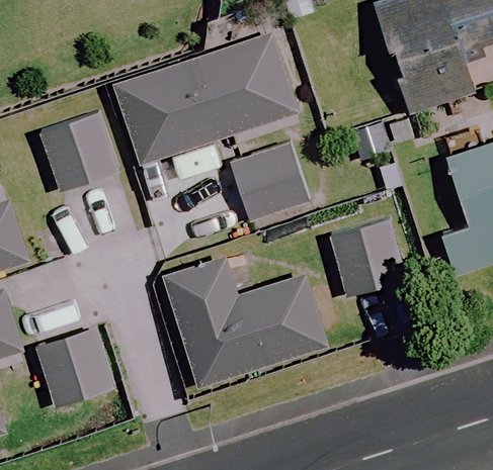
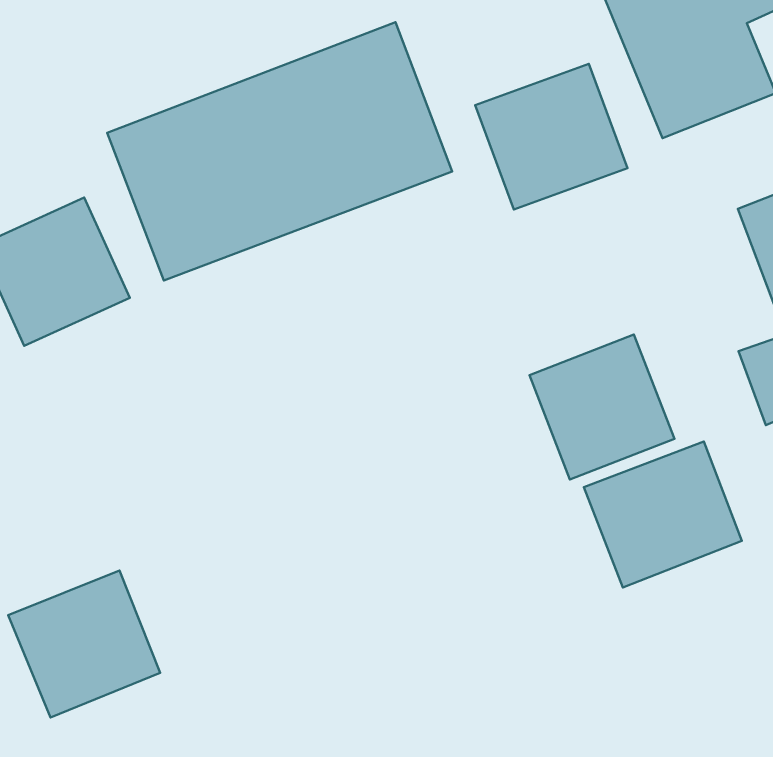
building: [229,143,310,219] -> [475,64,628,210]
building: [159,263,339,391] -> none
building: none -> [584,441,742,588]

